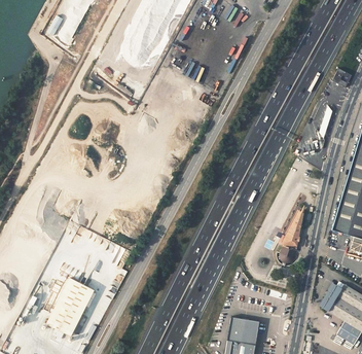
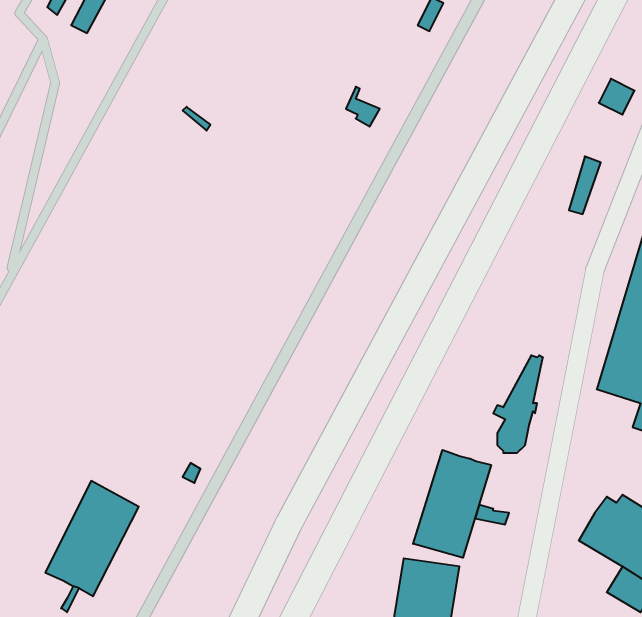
building: none -> [413,450,491,558]

